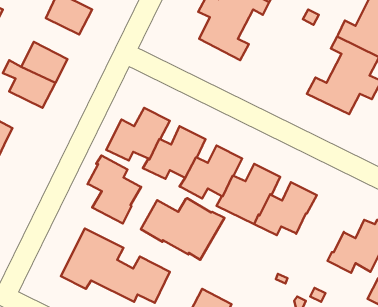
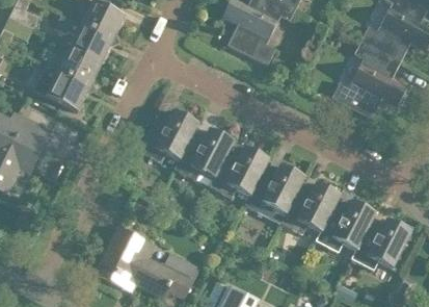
building: none -> [54,12,112,62]
building: [87,155,141,224] -> none
building: [141,198,224,260] -> none
building: none -> [316,200,377,251]

